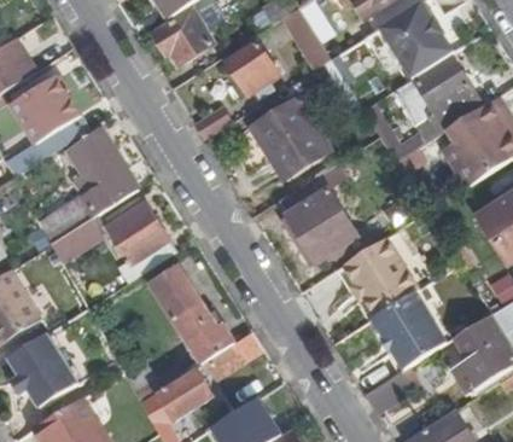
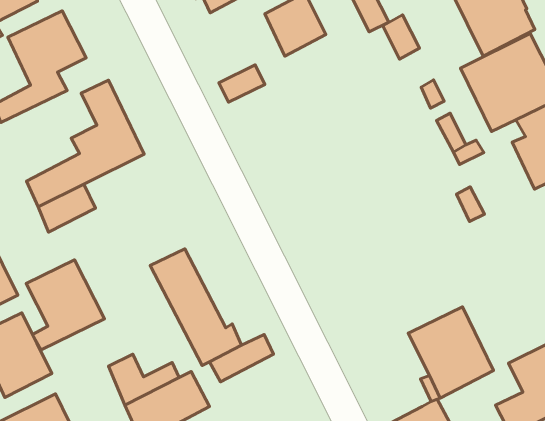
building: [251,100,326,178] -> none
building: [278,164,356,261] -> none
building: [106,204,175,283] -> [26,260,105,350]
building: [342,238,418,316] -> none

